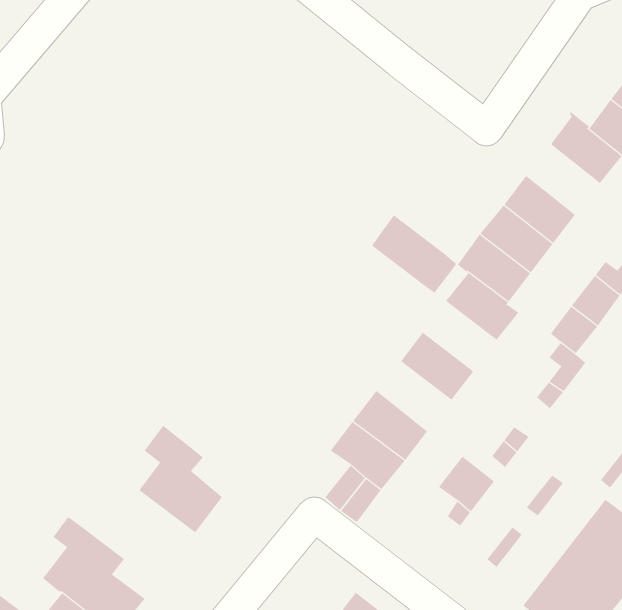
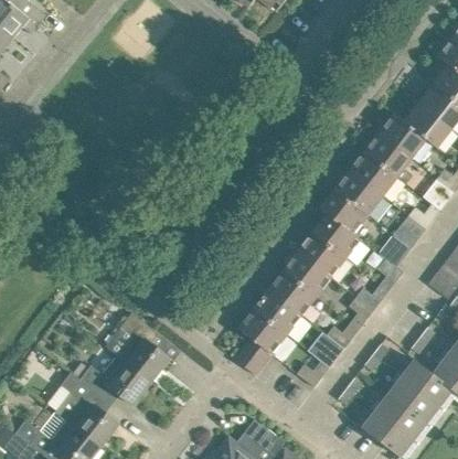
building: none -> [364,132,412,178]
building: [371,214,457,294] -> [298,233,353,284]
building: none -> [268,271,317,317]
building: none -> [79,354,152,406]

